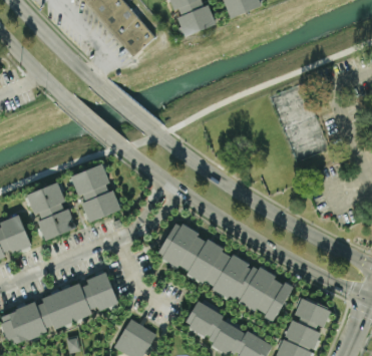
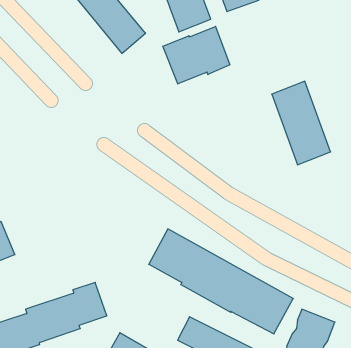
building: none -> [163,26,230,84]
building: [72,164,121,223] -> none
building: [26,182,75,241] -> none

